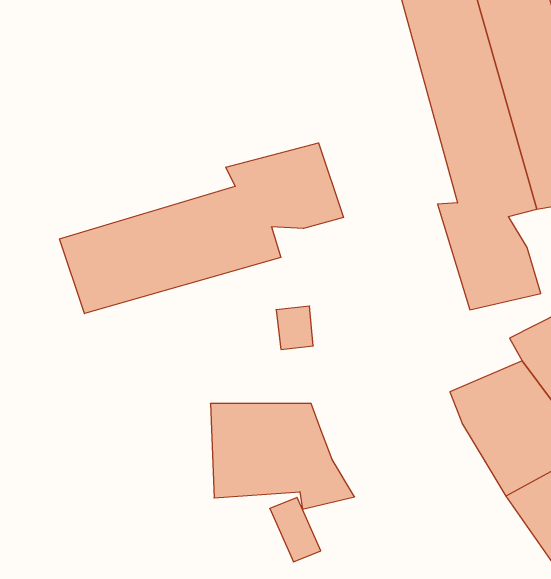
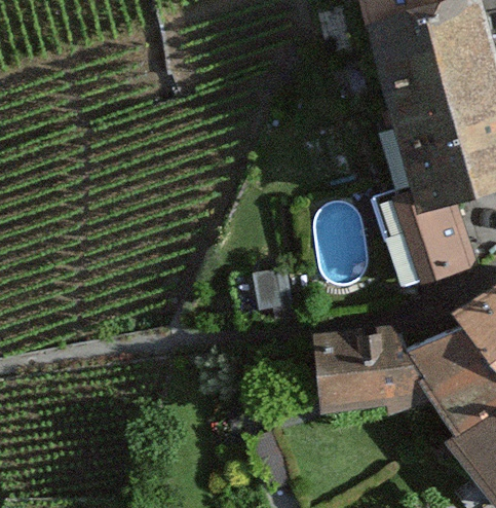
building: [60,143,344,314] -> none
building: [210,404,355,509] -> [313,329,432,416]

